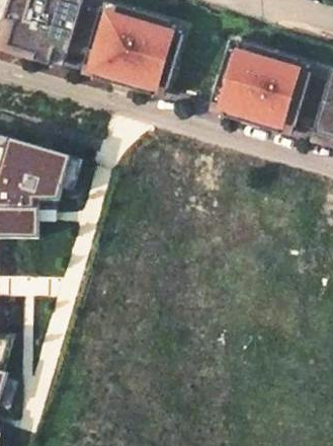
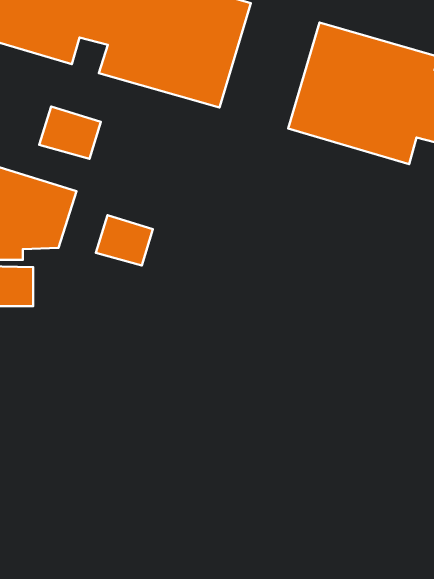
building: none -> [39,106,101,159]
building: none -> [96,215,153,266]

